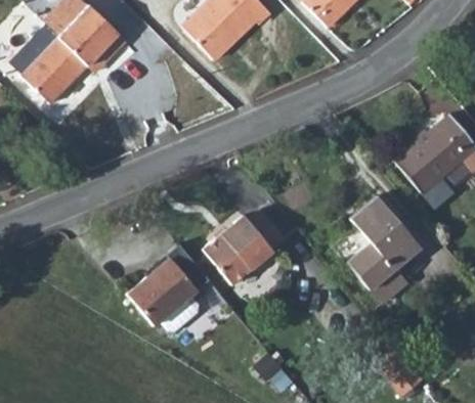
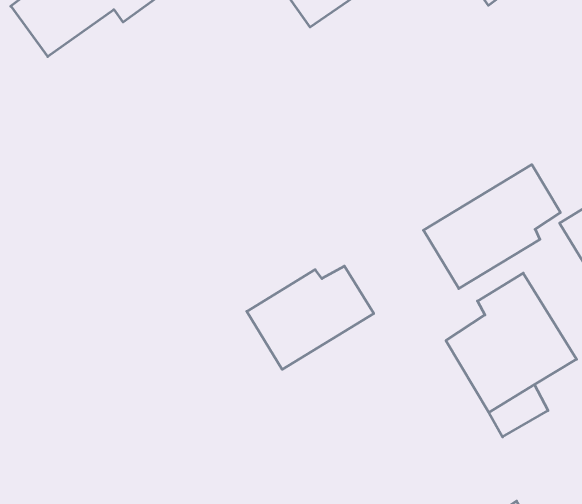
building: none -> [423,165,560,289]
building: [128,258,200,328] -> none

